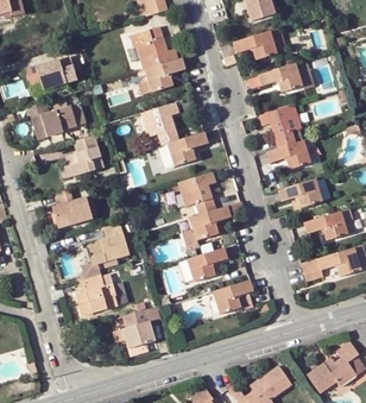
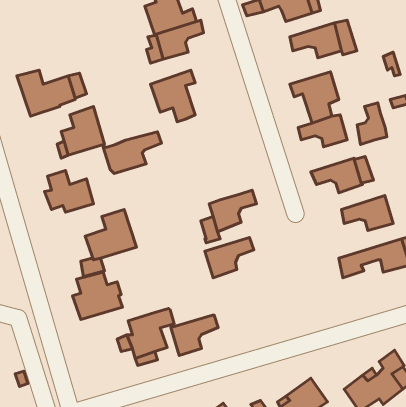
building: [38,59,78,89] -> none
building: none -> [357,103,387,145]
building: [160,133,210,169] -> [103,132,162,174]
building: [179,170,217,213] -> none
building: [215,278,255,313] -> [171,315,218,355]

